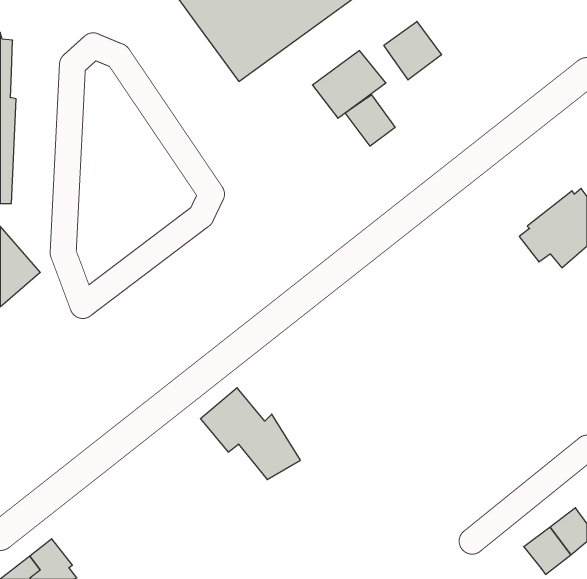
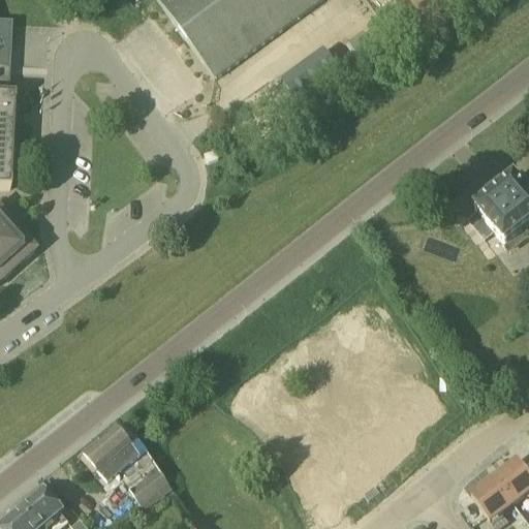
building: [384,21,442,80] -> none
building: [345,95,395,146] -> none
building: [200,388,300,480] -> [83,423,173,505]

